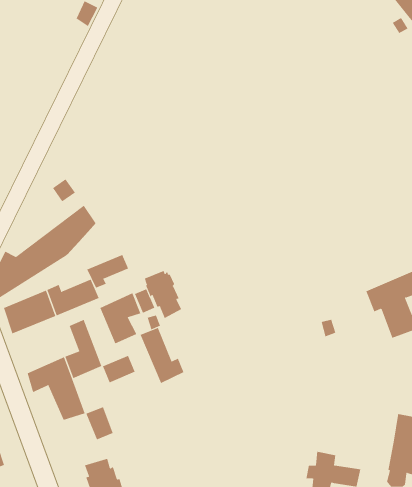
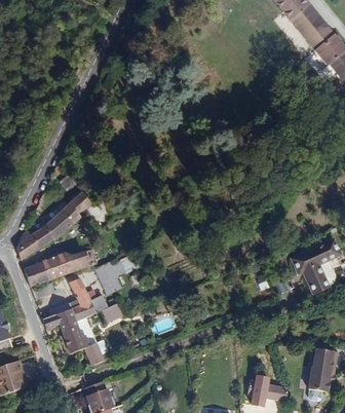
building: [87,254,129,289] -> none
building: [144,270,182,319] -> none
building: [140,327,184,384] -> none

